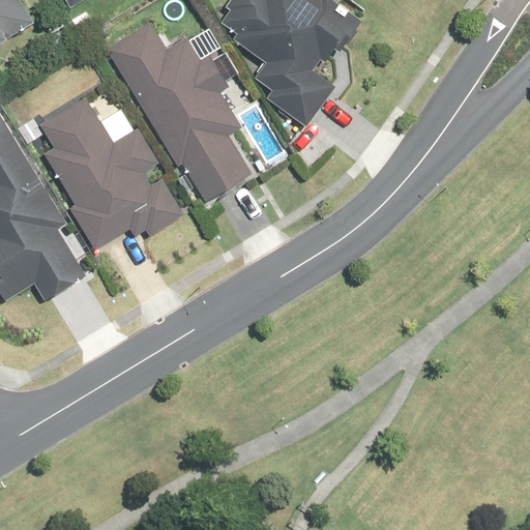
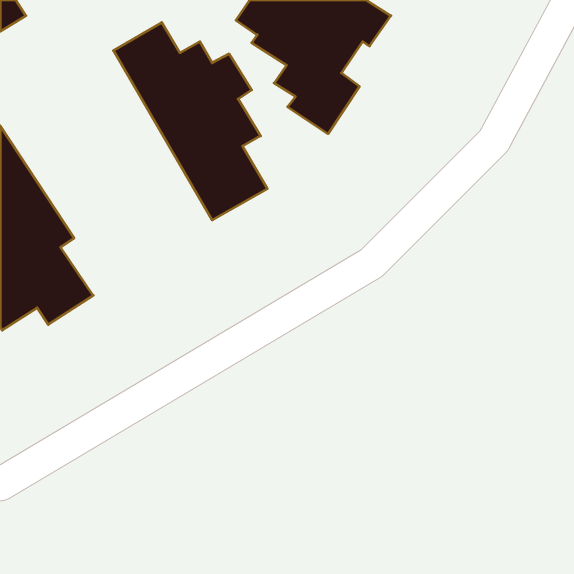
building: [36,97,179,249] -> none

